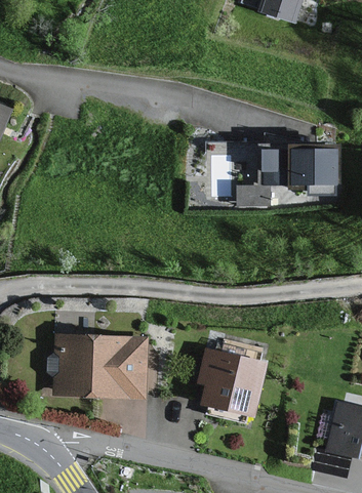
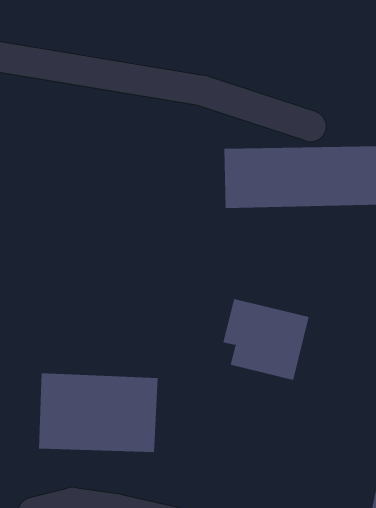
building: [194,350,267,418] -> [223,298,310,381]

